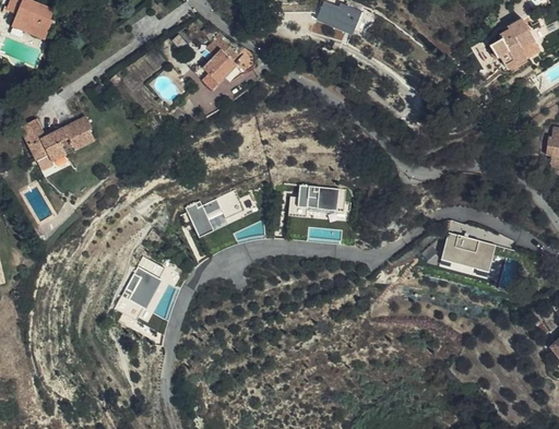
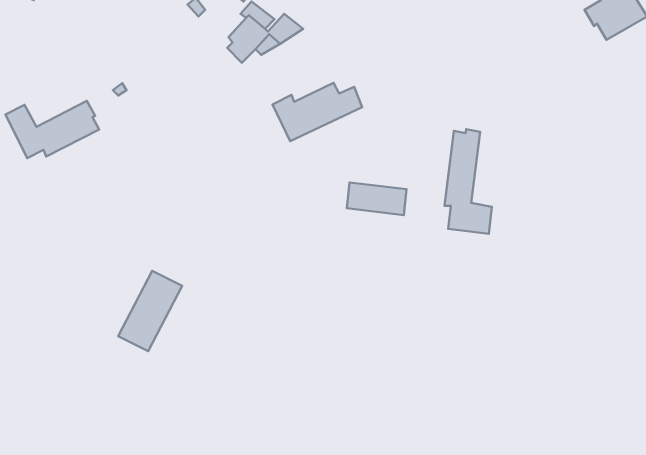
building: none -> [445,129,492,234]
building: [185,190,257,237] -> [272,83,362,141]
building: [440,233,495,272] -> none

